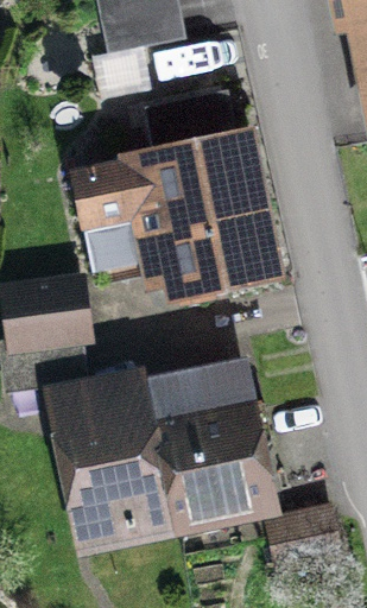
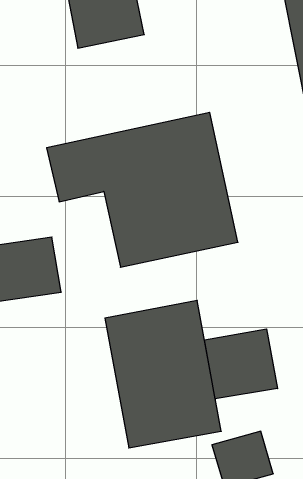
building: [46,369,165,534] -> none
building: none -> [205,329,278,399]

